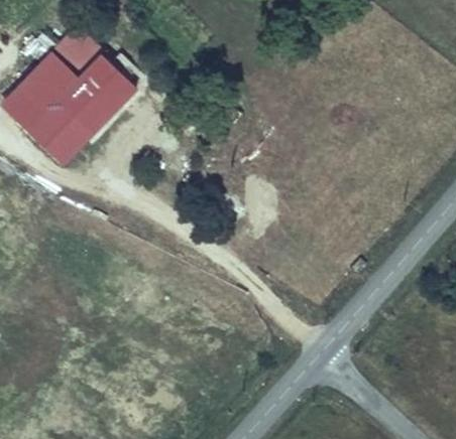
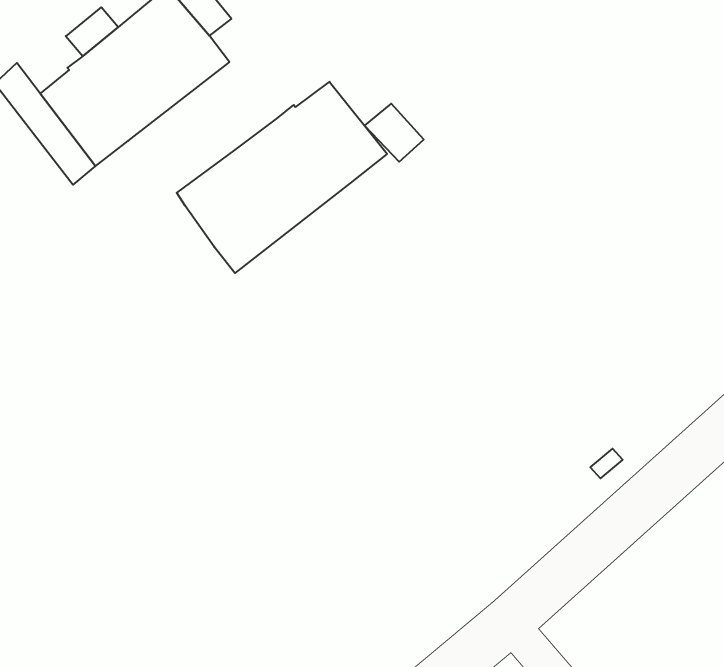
building: none -> [177,82,387,273]

